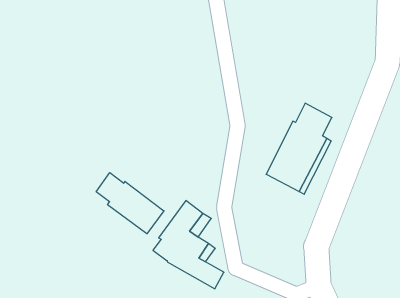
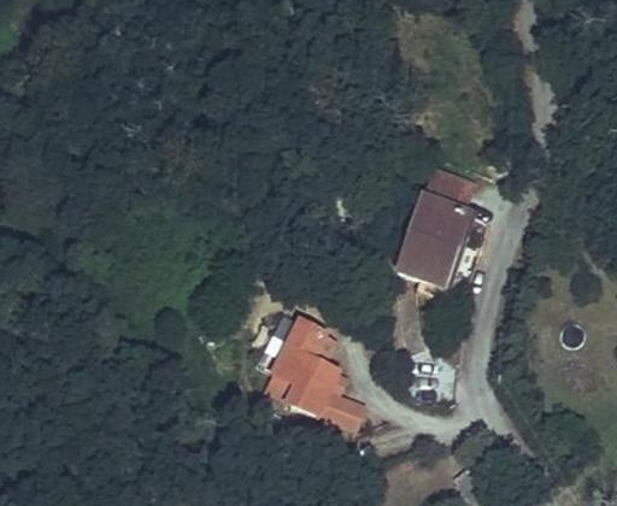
building: [96,173,164,234] -> none

